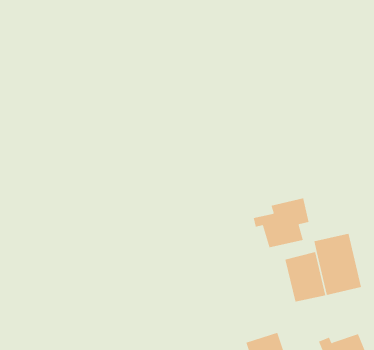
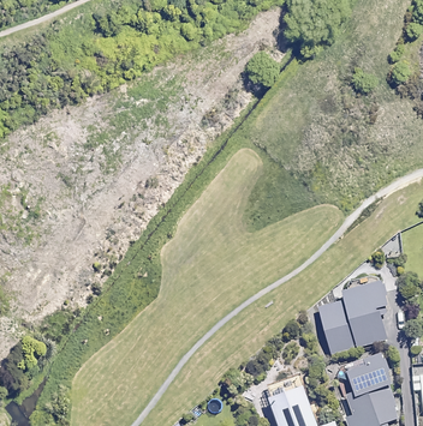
building: [253,197,309,248] -> none
building: none -> [351,353,394,396]

